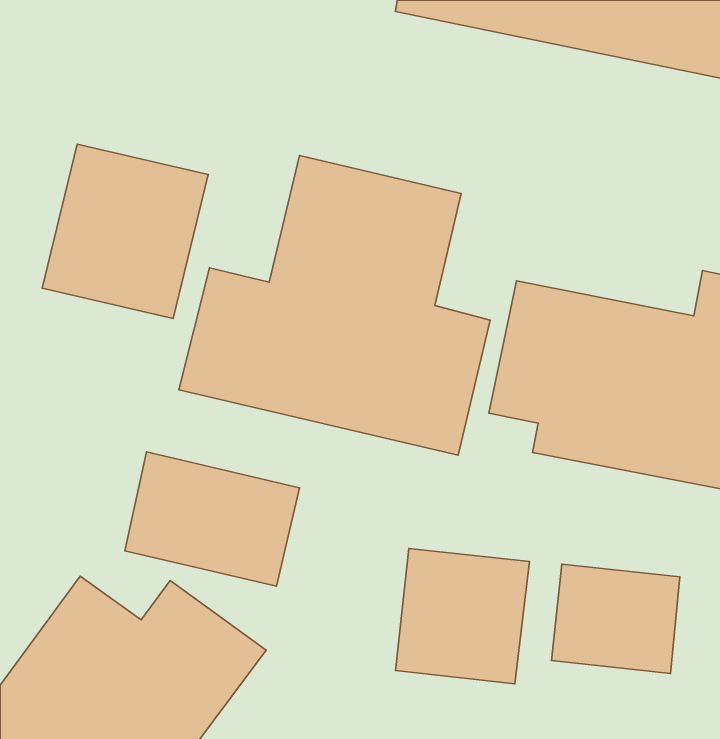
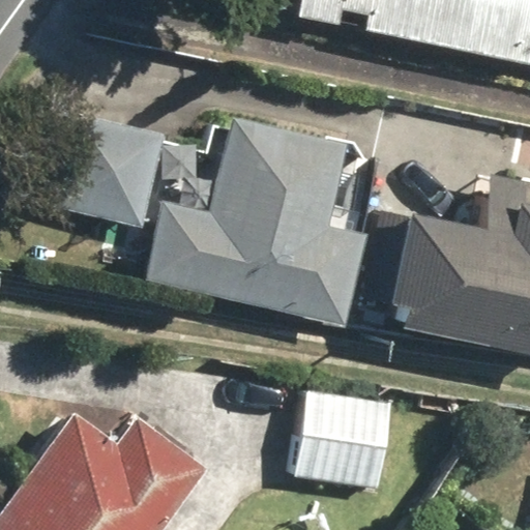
building: [125,452,300,586] -> none
building: [551,564,680,673] -> none

